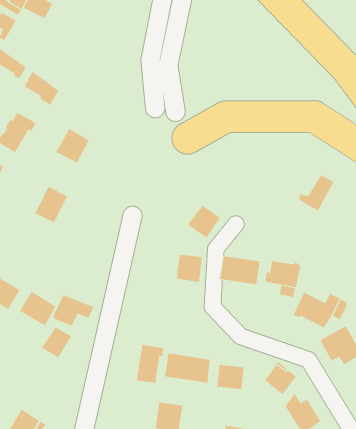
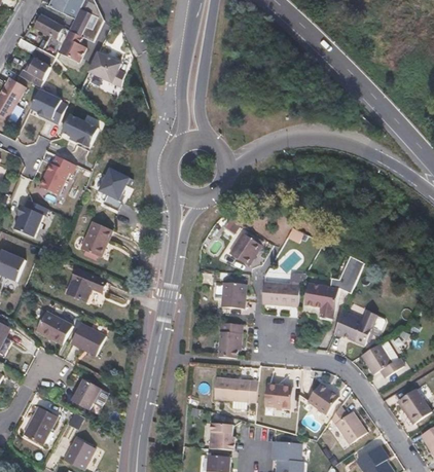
building: none -> [87,53,124,86]
building: [299,175,334,211] -> [331,256,364,291]
building: [52,295,95,326] -> [68,271,108,301]
building: [41,327,72,358] -> [72,380,101,410]
building: [136,344,164,383] -> [216,321,241,357]

